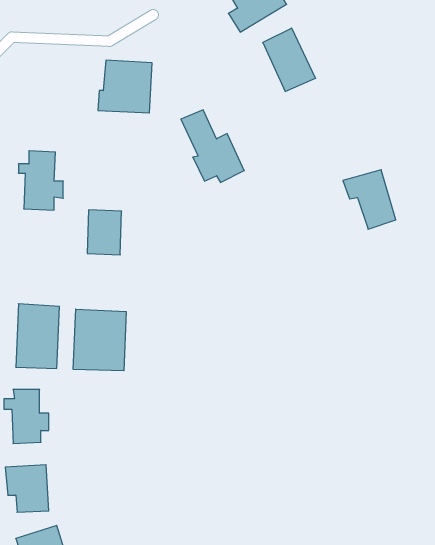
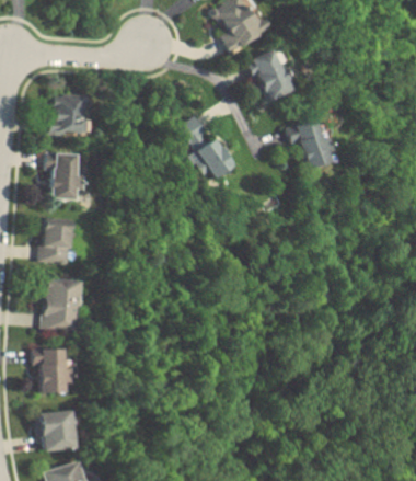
building: [98,60,152,113] -> [48,92,93,136]
building: [343,170,396,229] -> [286,119,330,169]
building: [87,210,122,255] -> [42,224,70,261]
building: [73,309,126,371] -> none

